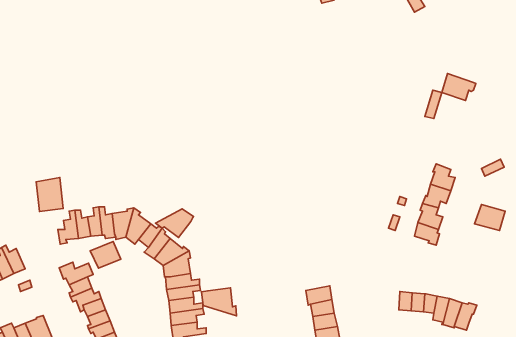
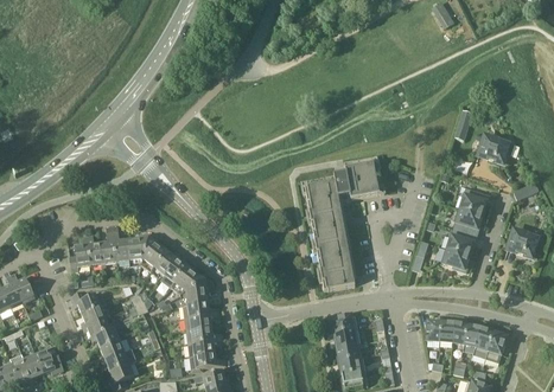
building: [442,73,476,101] -> [478,134,514,162]
building: none -> [301,155,384,290]
building: [36,177,63,211] -> none
building: [156,209,193,238] -> none
building: [90,242,121,268] -> none
building: [202,288,237,316] -> none

